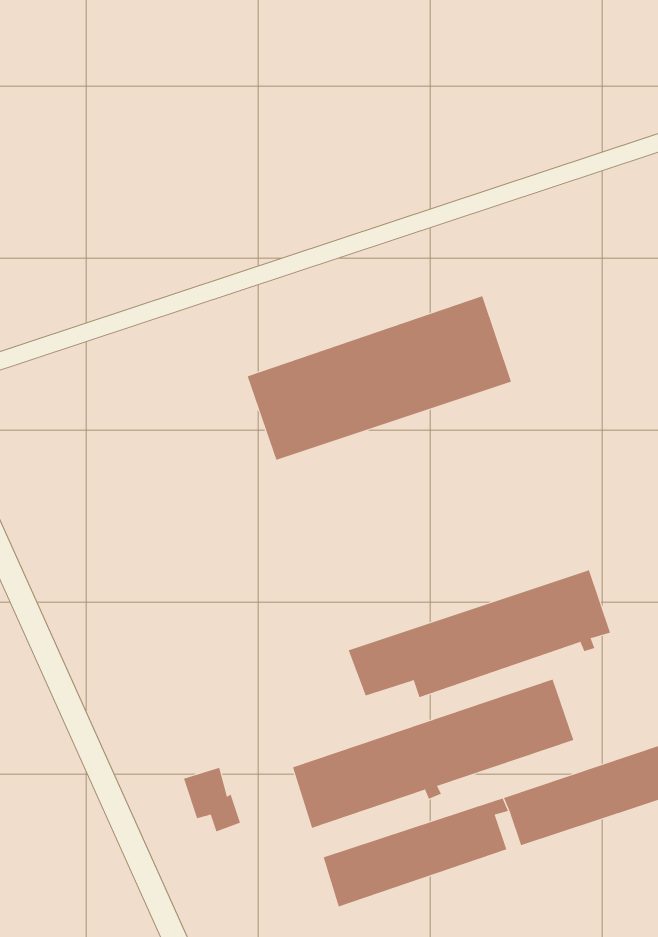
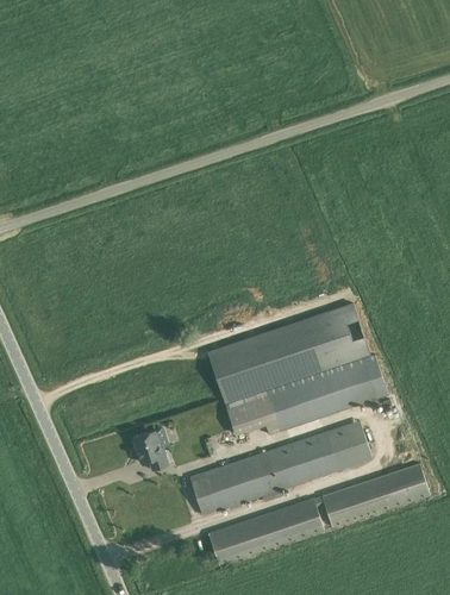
building: [247,296,512,461] -> [207,302,371,405]
building: [183,767,241,832] -> [132,430,168,470]

